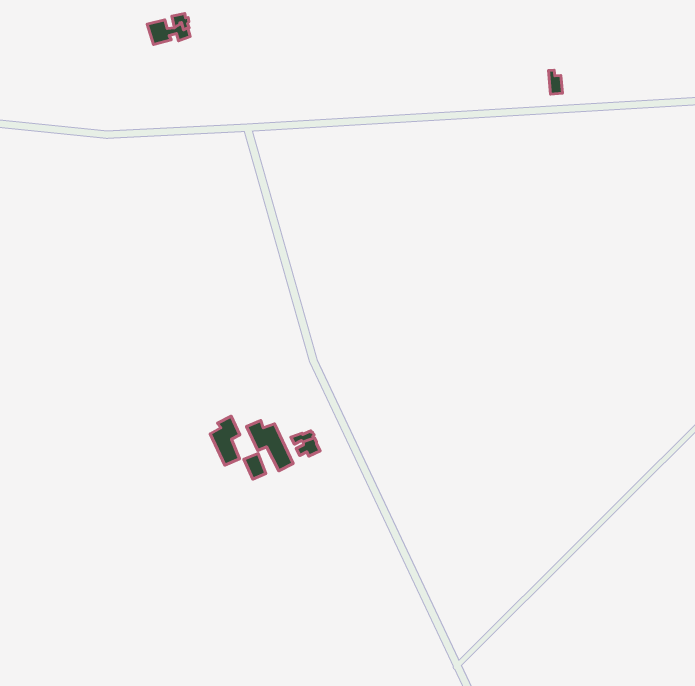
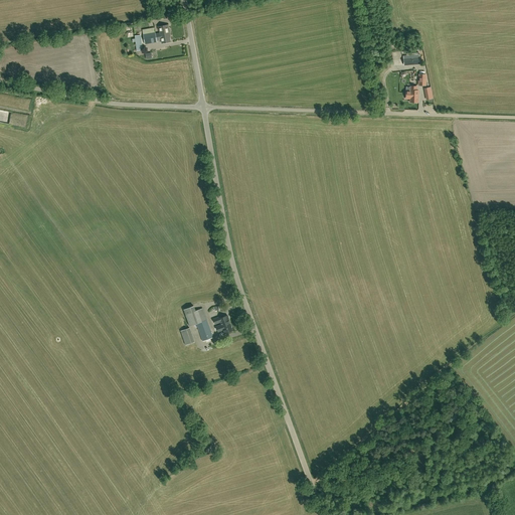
building: [210,416,240,465] -> none

